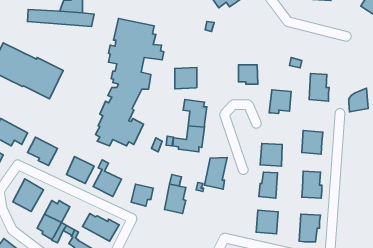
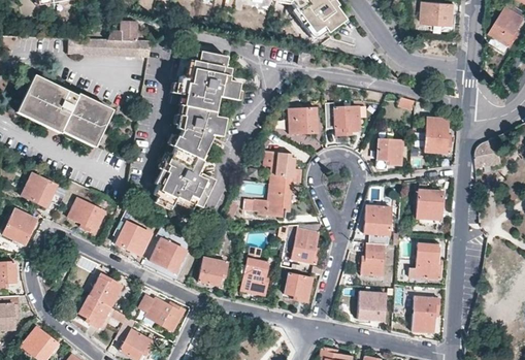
building: [175,68,197,89] -> [289,107,317,134]
building: [13,179,44,211] -> none
building: none -> [285,273,313,302]

